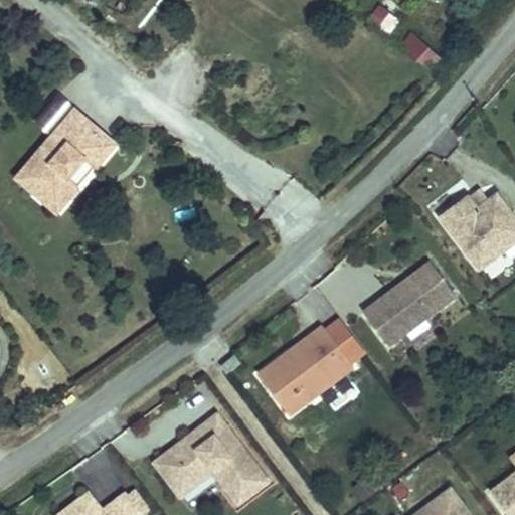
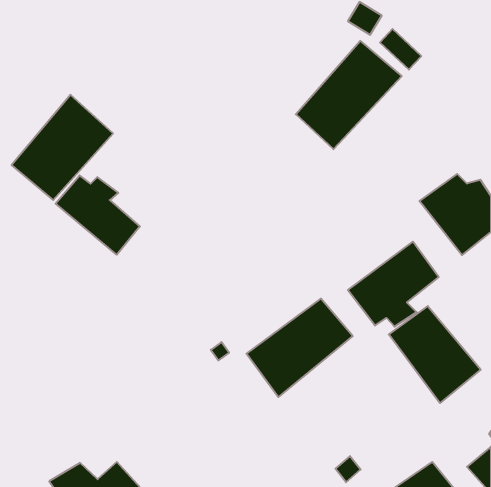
building: none -> [296,41,402,149]
building: none -> [56,175,140,255]
building: none -> [389,306,481,403]
building: [150,410,273,507] -> none

